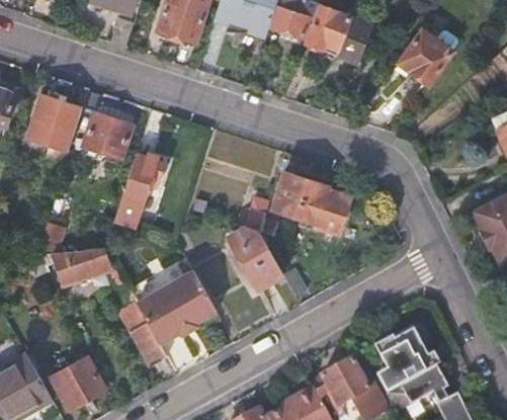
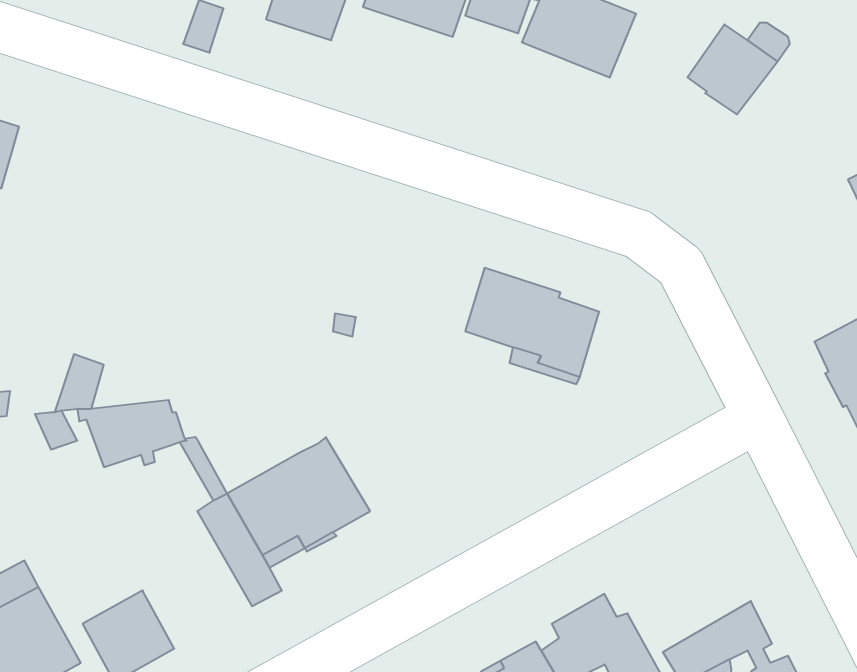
building: [28,94,82,150] -> none
building: [85,111,132,156] -> none
building: [114,152,163,226] -> none
building: [231,196,283,287] -> none
building: [374,329,440,392] -> none

